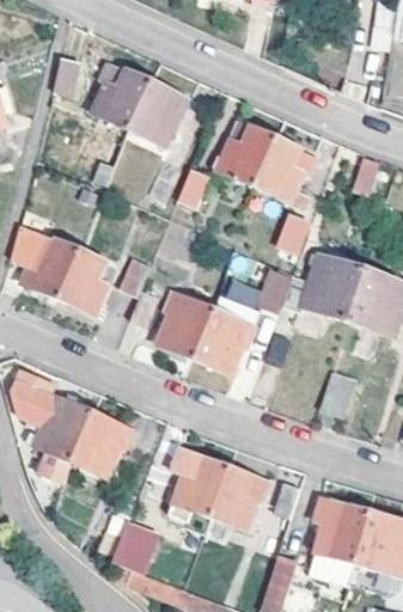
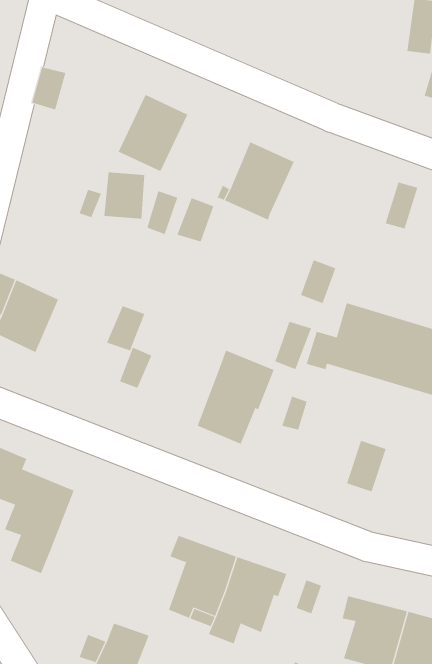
building: [92,61,152,129] -> none
building: [255,137,319,206] -> none
building: [61,252,111,317] -> none
building: [158,290,214,357] -> none
building: [74,411,136,479] -> none

